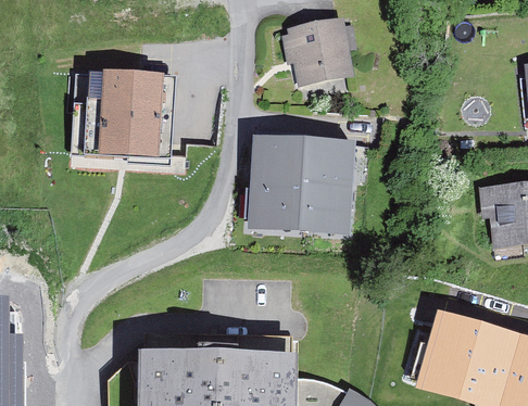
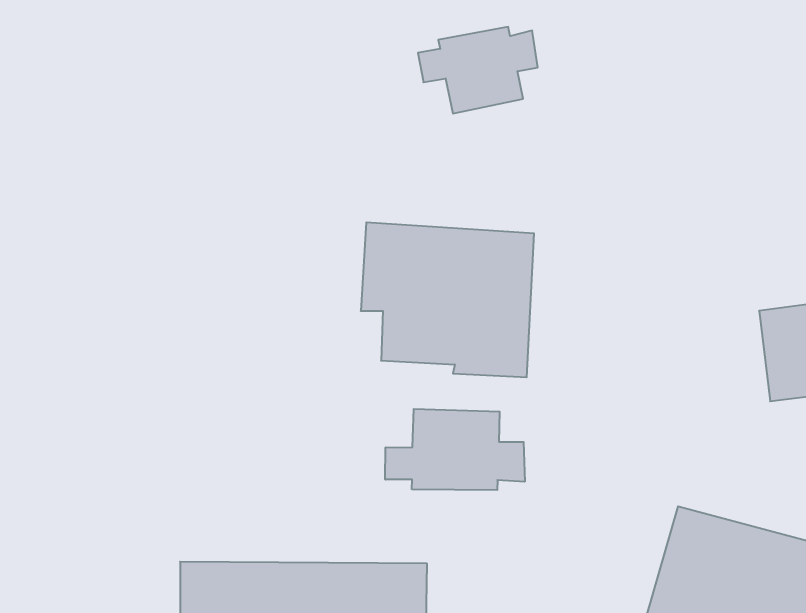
building: [84,76,174,158] -> none
building: none -> [385,409,525,490]

